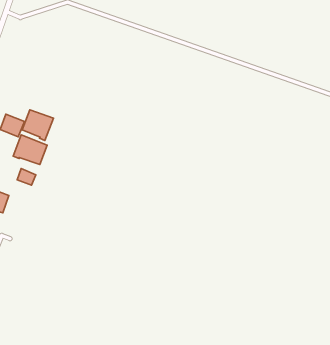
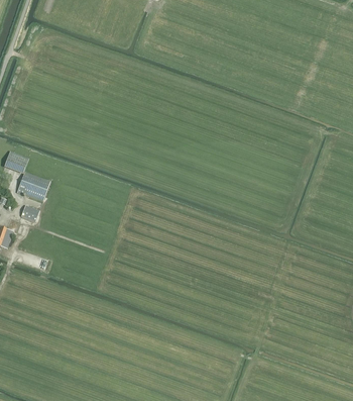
building: [22,110,53,140] -> none

